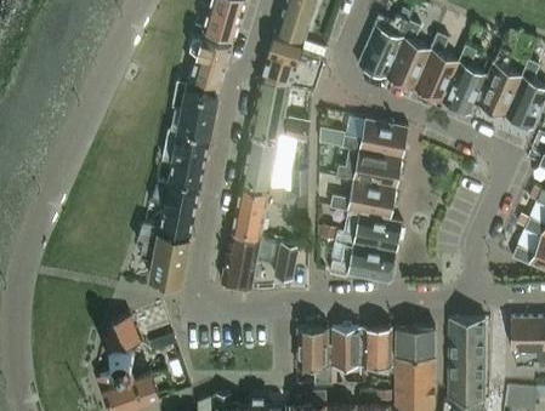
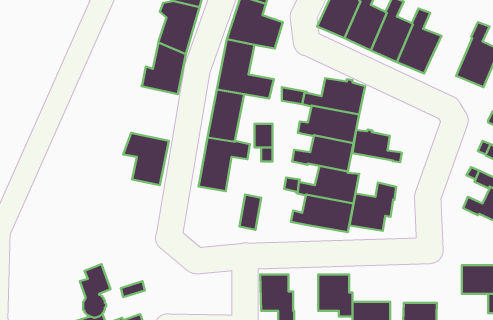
building: [476,48,522,118] -> none
building: [163,129,209,187] -> none
building: none -> [352,130,402,162]
building: [137,224,189,285] -> none
building: none -> [349,183,396,231]
building: [221,235,274,289] -> none
building: [449,319,484,359] -> none
building: [331,329,358,367] -> none
building: [394,329,435,358] -> none

